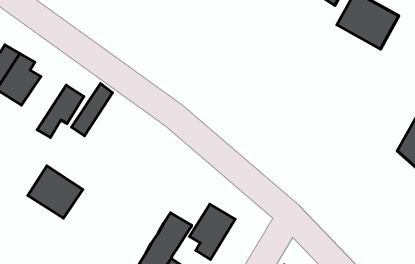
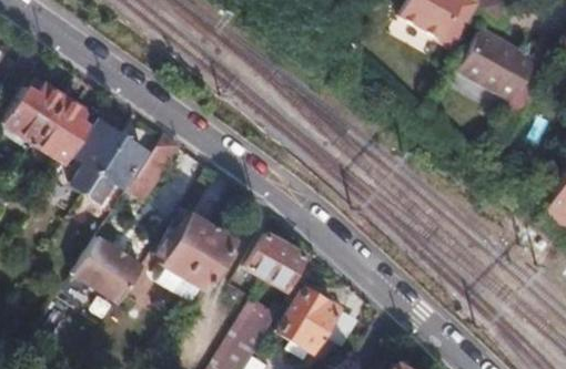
building: none -> [69,122,121,193]
building: none -> [161,215,232,299]
building: none -> [247,234,304,287]

